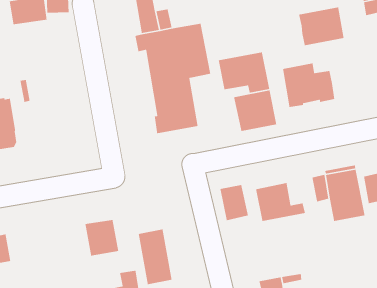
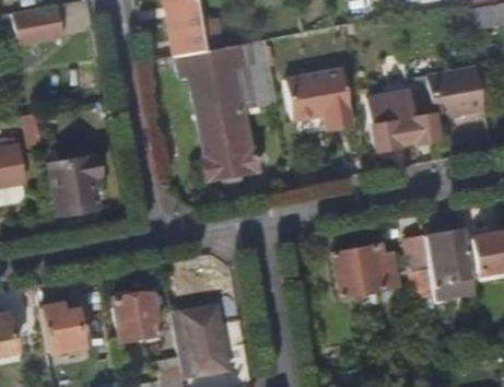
building: [298,7,345,46] -> [426,68,487,119]
building: [233,90,277,132] -> none
building: none -> [50,157,104,210]
building: [219,184,249,221] -> none
building: none -> [40,306,85,355]

